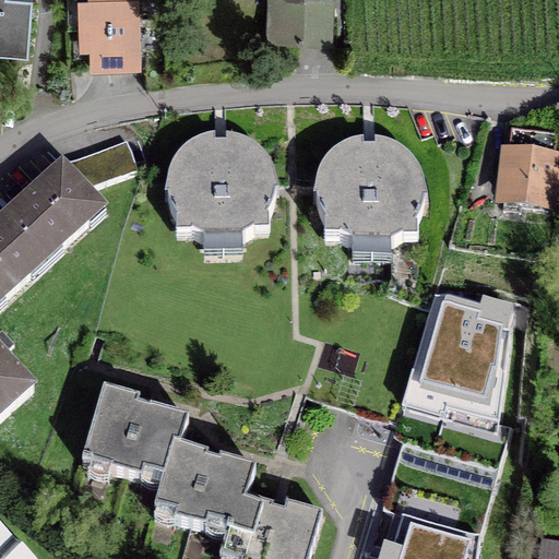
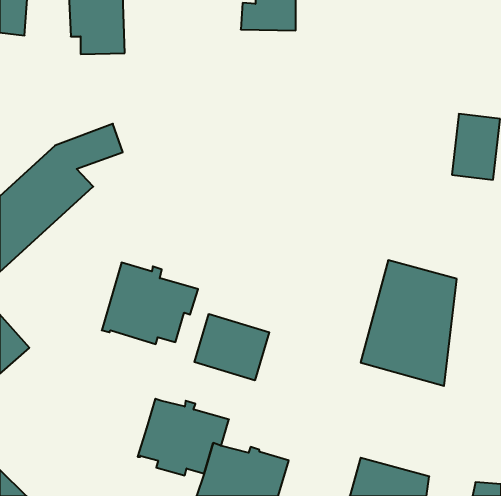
building: [164,132,277,238] -> none
building: [312,138,426,243] -> none
building: none -> [194,314,269,380]
building: [81,388,188,478] -> [102,263,198,344]

